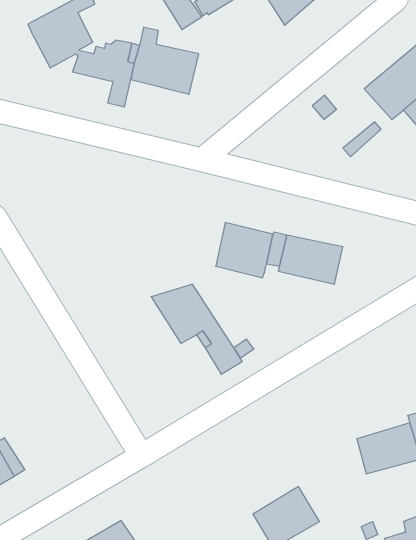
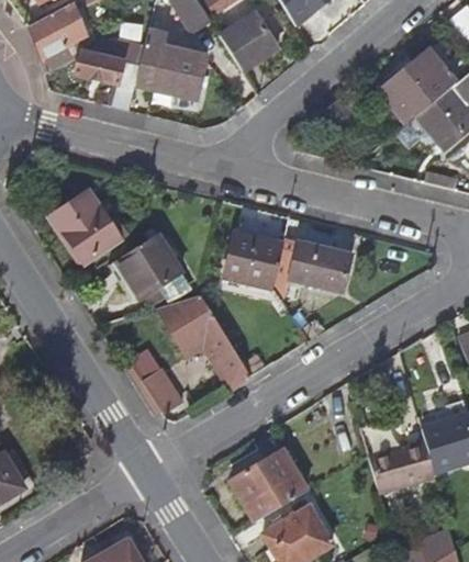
building: none -> [221,14,279,71]
building: none -> [52,188,120,259]
building: none -> [116,225,188,305]
building: none -> [122,347,183,413]
building: none -> [233,450,309,524]

